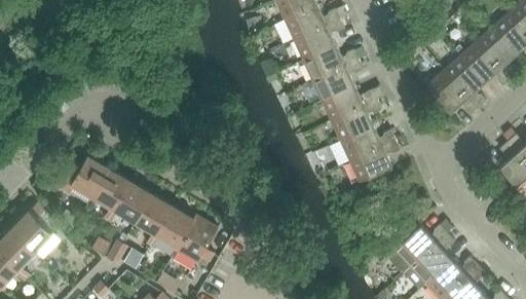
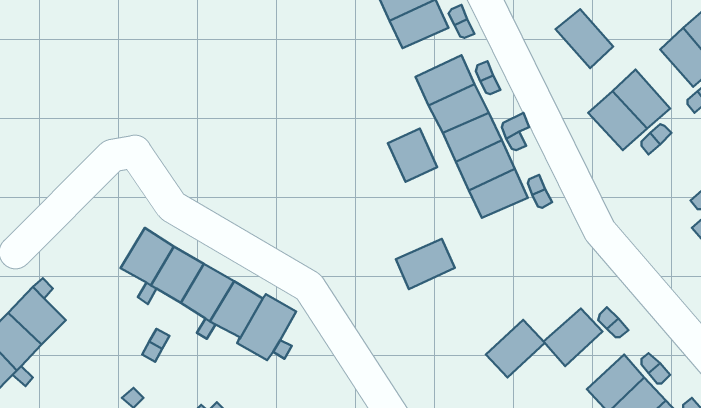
building: [294,26,336,61] -> none
building: [460,41,501,83] -> [556,9,613,68]
building: none -> [388,128,437,182]
building: [350,147,392,183] -> [396,239,455,289]
building: [55,156,110,197] -> none
building: [410,242,452,284] -> [486,320,545,378]

